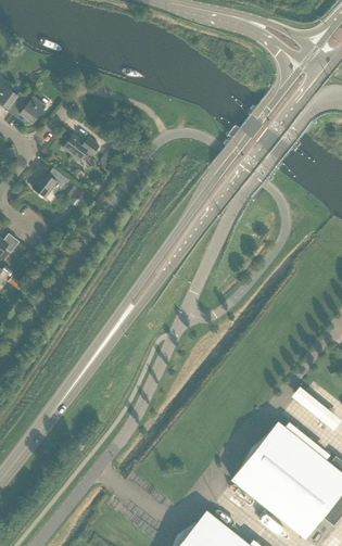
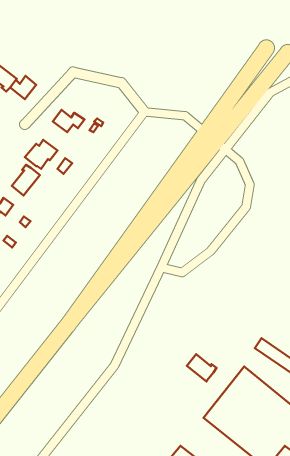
building: none -> [12,165,40,196]
building: none -> [187,354,216,382]

